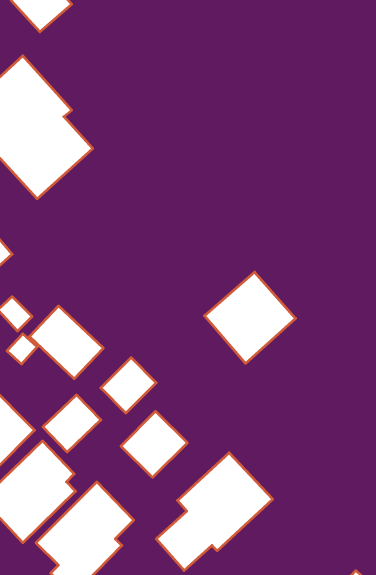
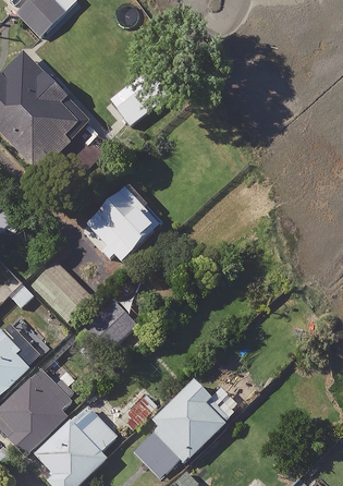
building: [204,272,296,363] -> [85,186,160,262]
building: [43,395,101,452] -> none
building: [121,411,187,477] -> none

